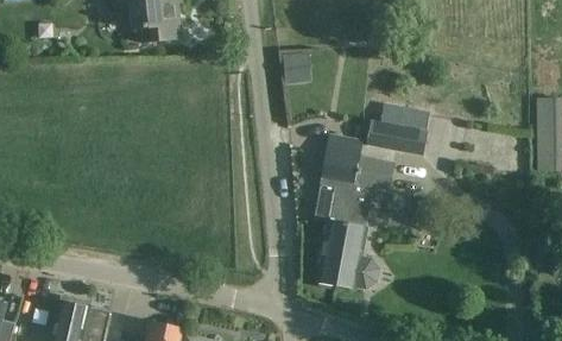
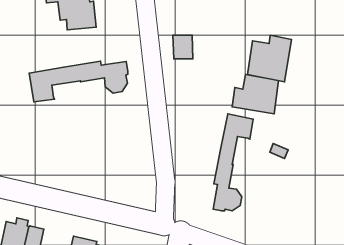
building: none -> [247,35,292,82]
building: none -> [29,61,128,102]
building: [316,133,362,285] -> none

